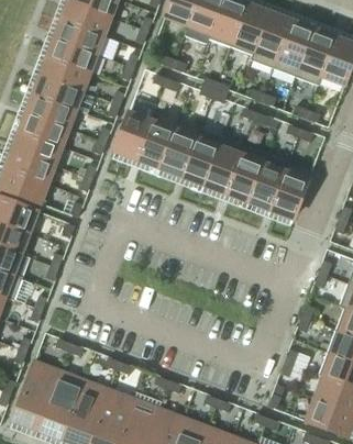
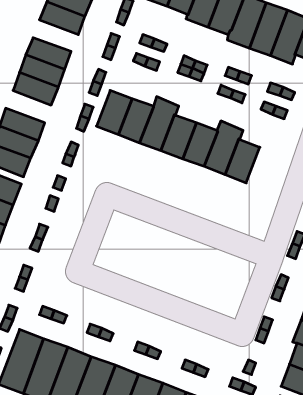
building: [49,38,97,71] -> none
building: [21,112,68,146] -> none
building: [272,162,312,218] -> none

